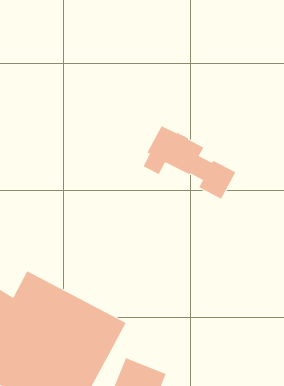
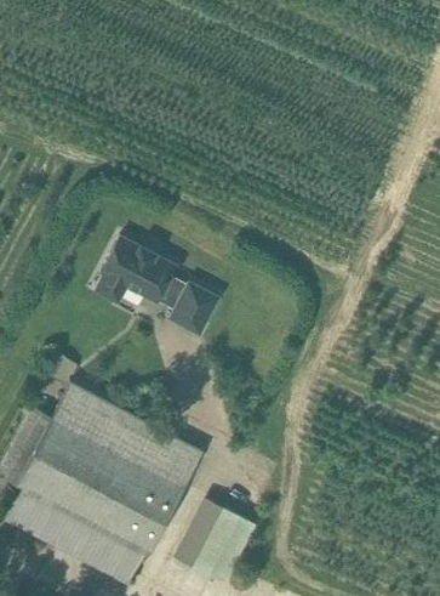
building: [143,126,236,200] -> [98,237,222,335]

